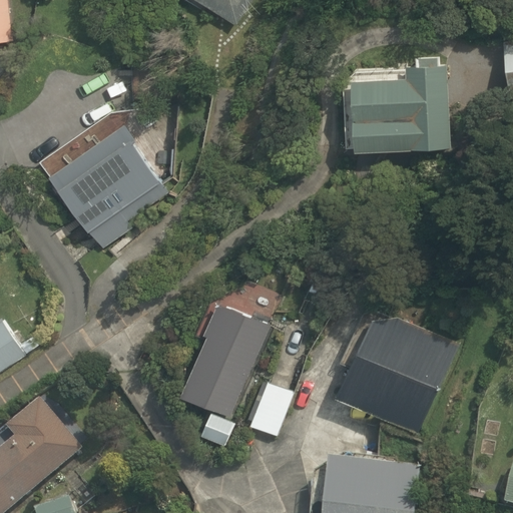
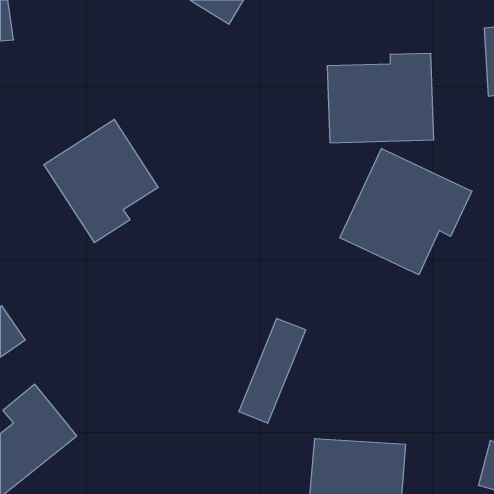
building: none -> [340,148,472,275]
building: [176,284,280,417] -> none
building: [336,311,458,436] -> none

